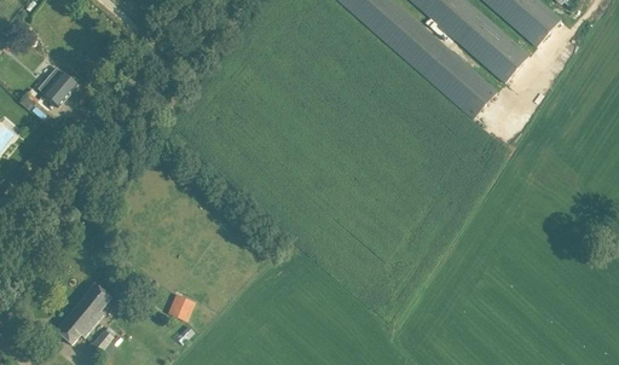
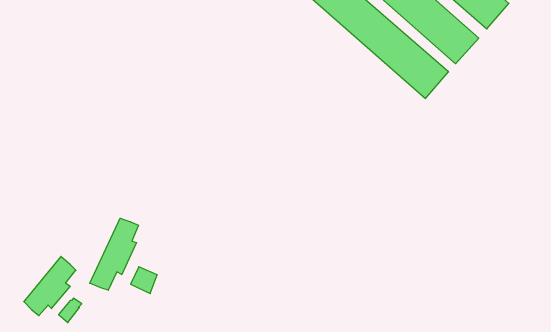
building: [42,71,76,106] -> none
building: none -> [90,218,139,290]

